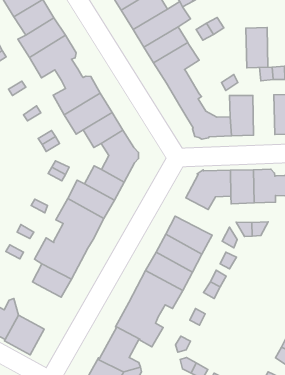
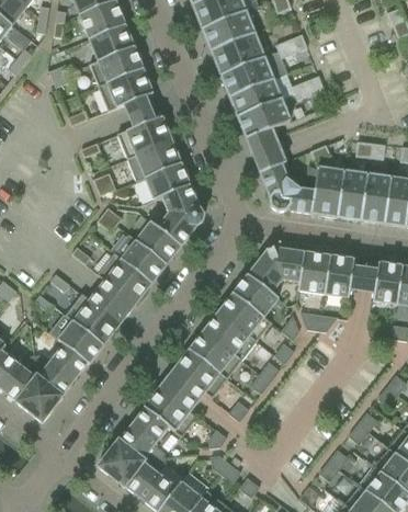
building: [246,28,268,68] -> [337,171,367,219]
building: none -> [233,274,279,316]
building: none -> [34,344,87,395]

